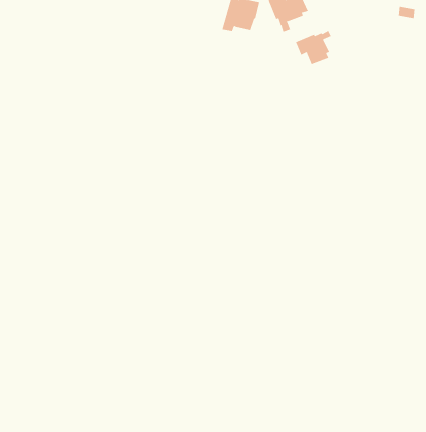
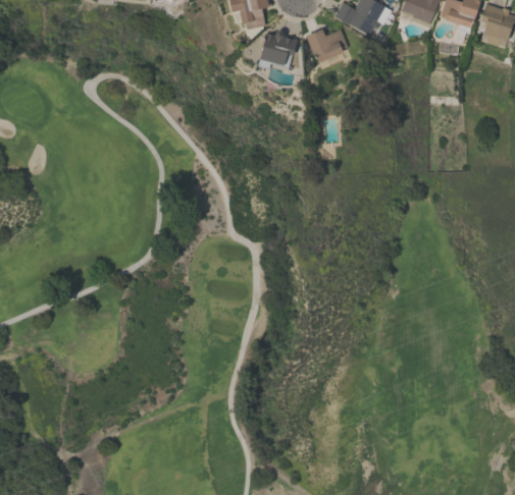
building: [295,30,331,65] -> none

